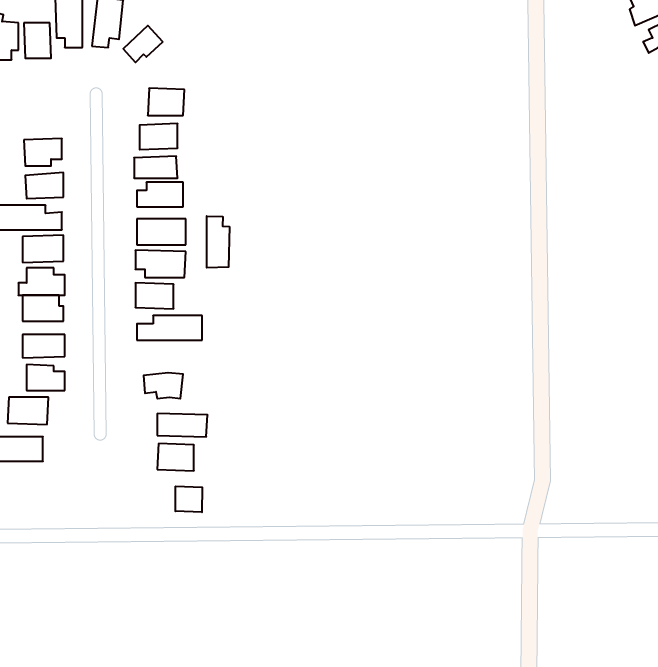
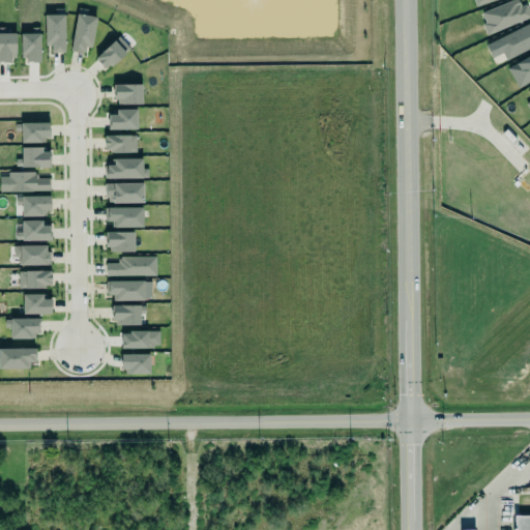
building: [207,216,229,268] -> none
building: none -> [108,281,146,301]
building: [175,486,202,512] -> none

